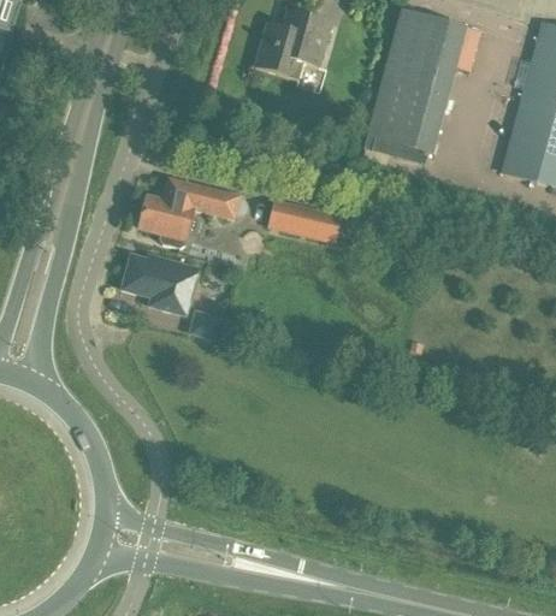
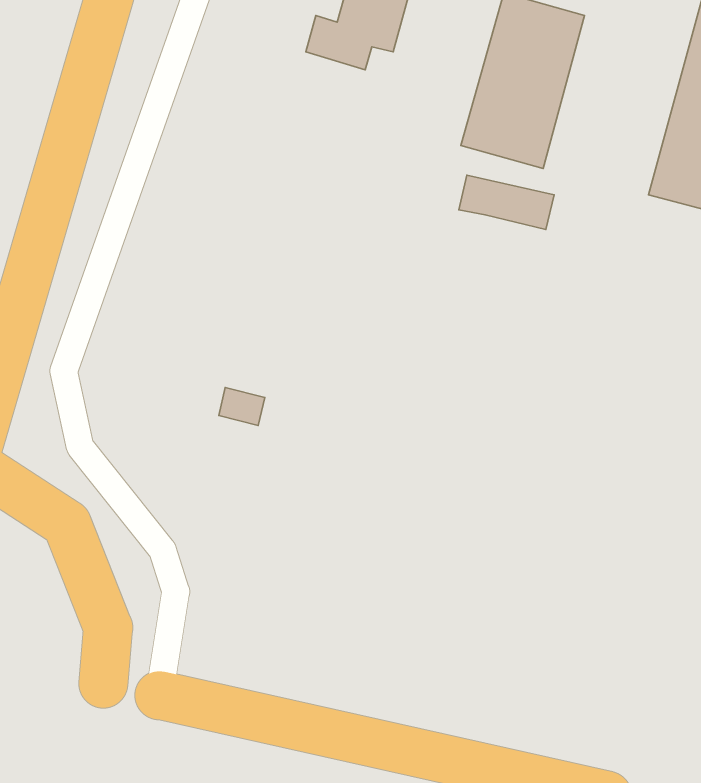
building: [141,176,241,247] -> none
building: [267,202,337,242] -> [459,175,554,230]
building: [124,253,197,312] -> none

